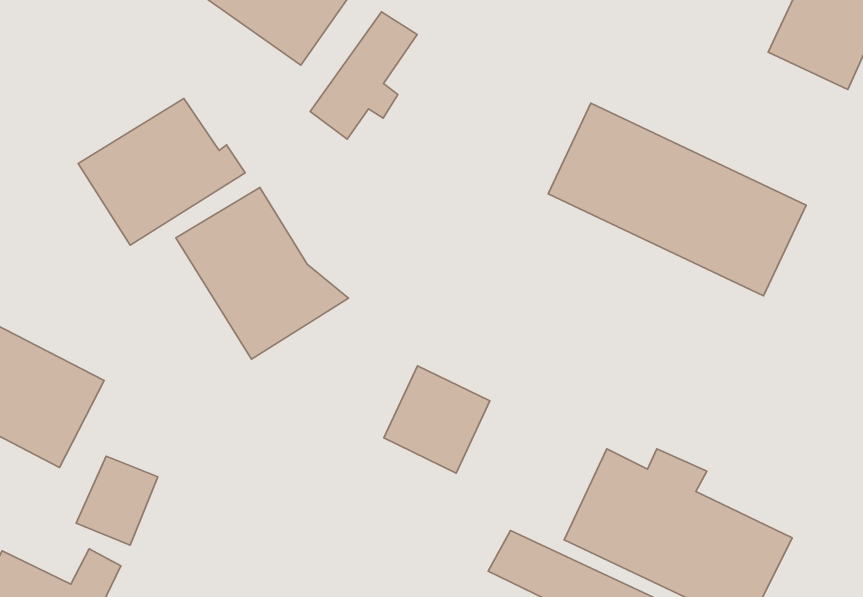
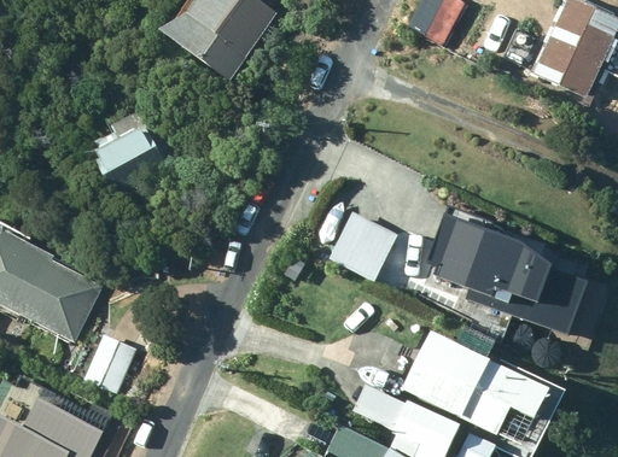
building: [310,12,417,139] -> none
building: [548,103,806,296] -> [422,224,590,350]
building: [176,188,349,359] -> none
building: [384,366,490,473] -> [327,210,396,280]

